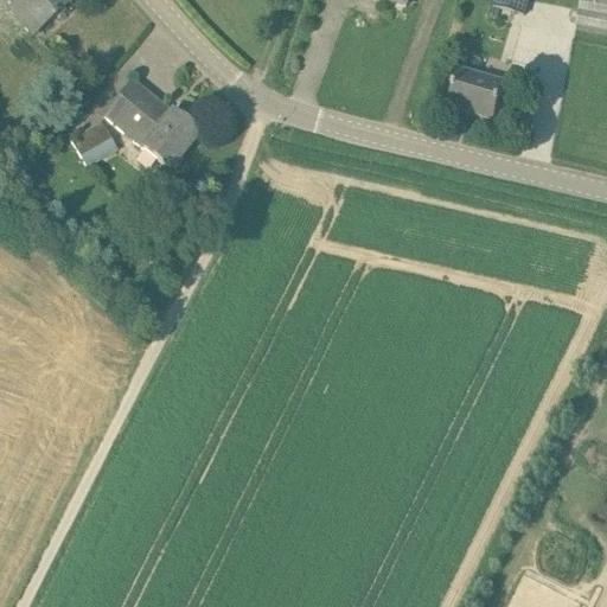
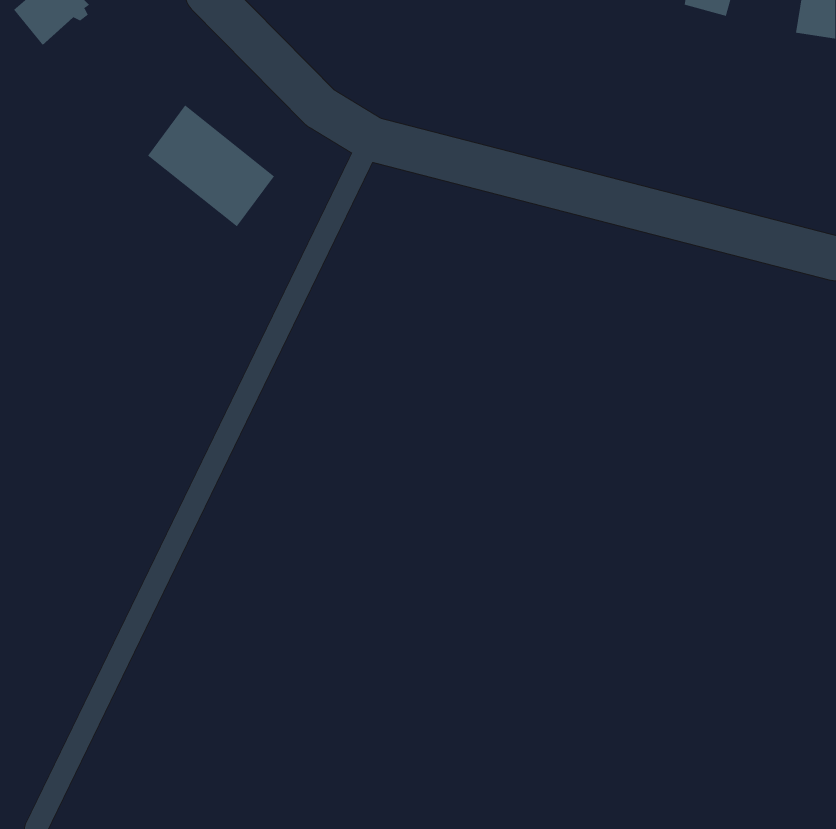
building: [447,68,504,117] -> none
building: [70,120,111,156] -> none

